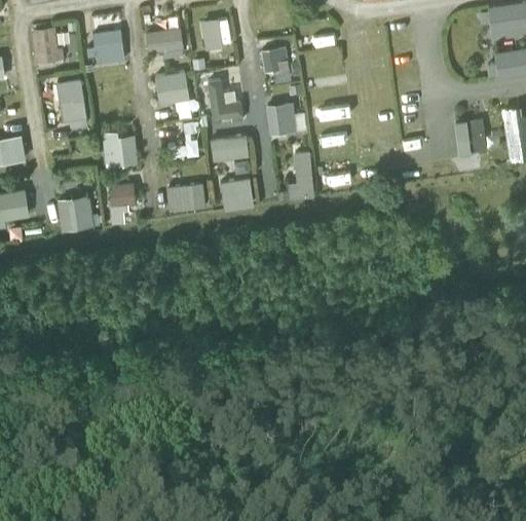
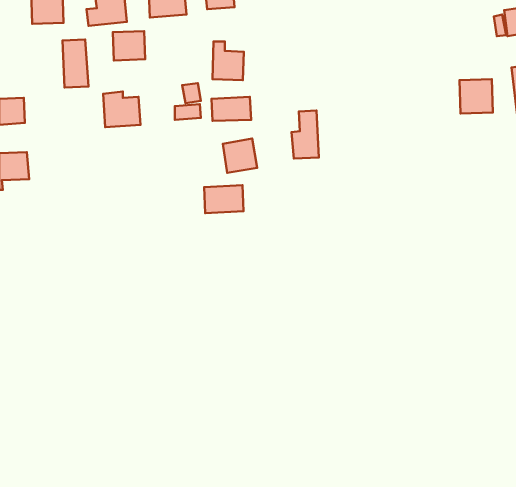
building: [261,49,288,73] -> none
building: [157,75,189,104] -> [113,31,145,60]
building: [264,102,297,136] -> none
building: [108,184,137,208] -> none
building: [166,184,205,212] -> [204,185,244,213]
building: [57,195,95,230] -> none

